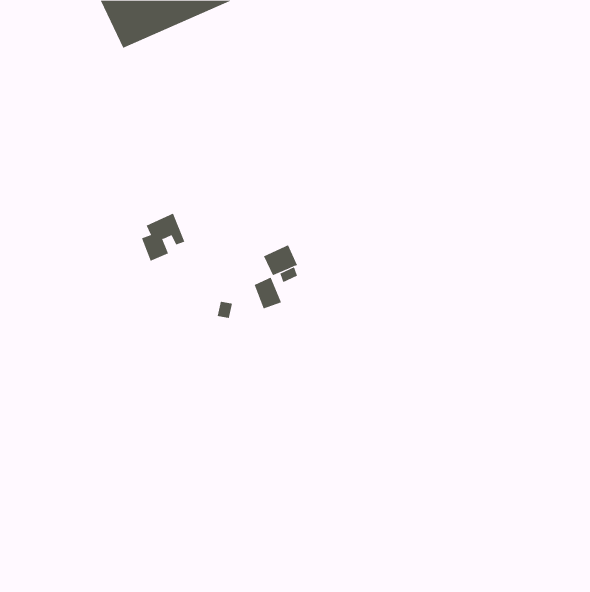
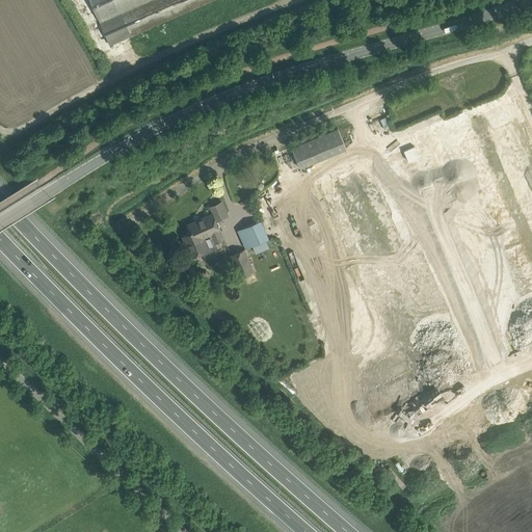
building: none -> [290,128,344,167]
building: [141,213,185,261] -> [182,213,221,257]

